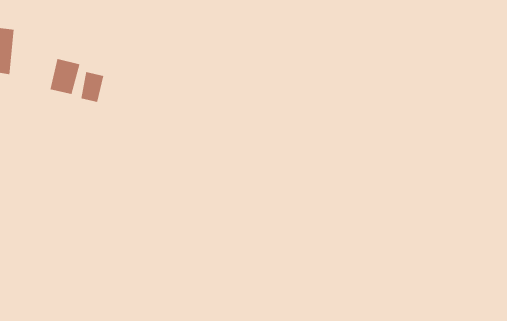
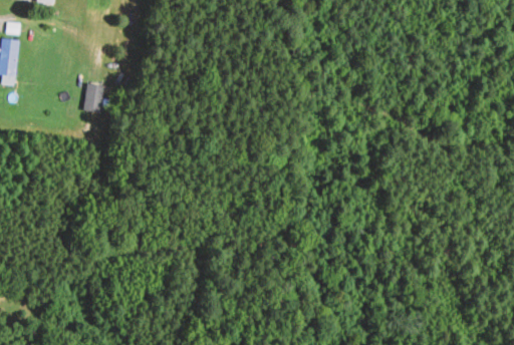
building: [50,58,80,95] -> none

